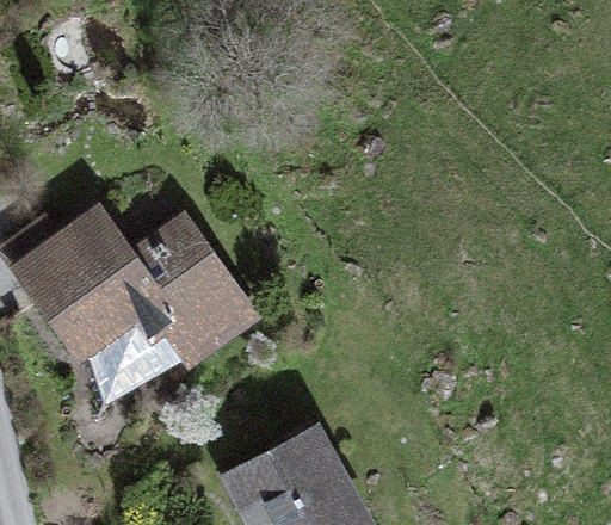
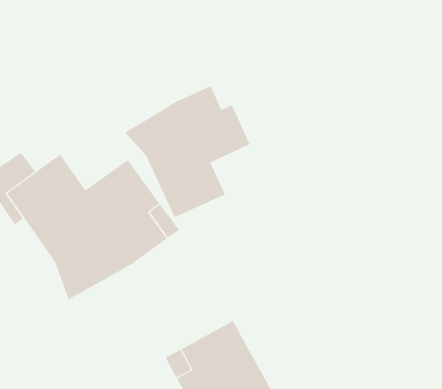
building: none -> [125,86,250,218]

